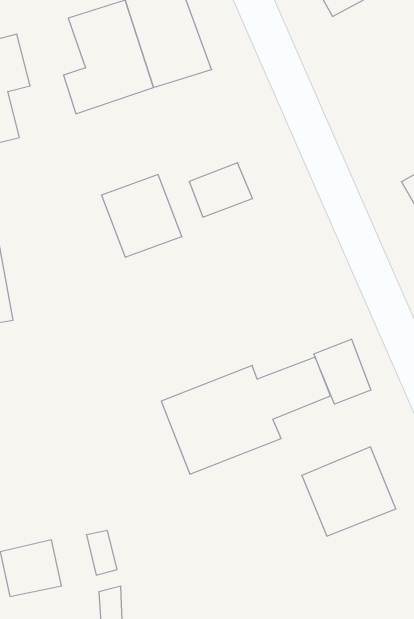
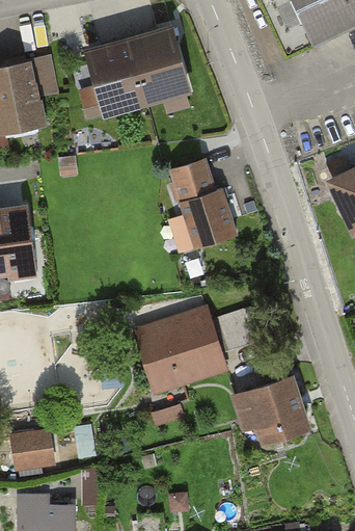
building: [101,174,182,257] -> [180,192,237,251]
building: [314,339,371,404] -> none

